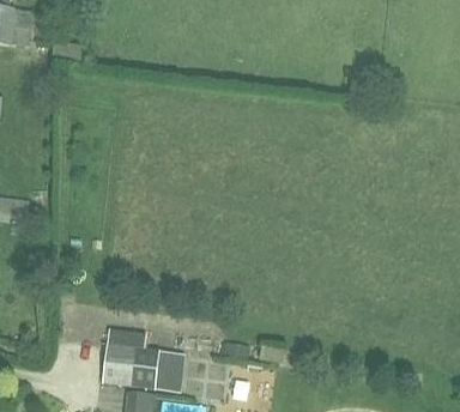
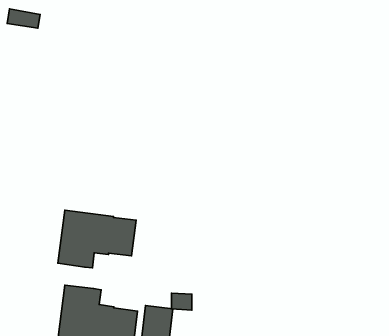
building: none -> [58,210,136,268]

